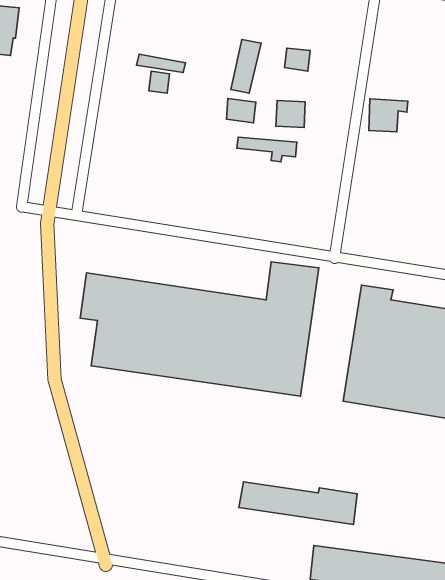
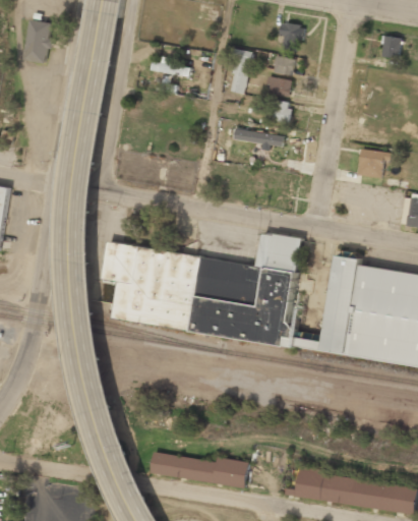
building: none -> [278,22,302,52]
building: none -> [380,36,401,58]
building: [227,99,256,123] -> [266,76,291,97]
building: [369,99,408,132] -> [358,150,391,177]
building: [239,482,357,524] -> [150,452,248,487]

